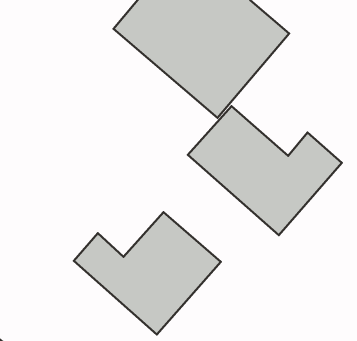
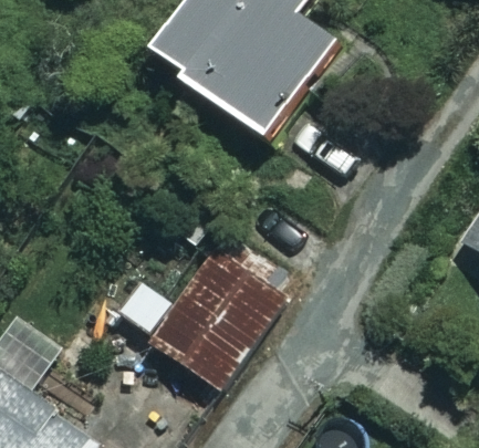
building: [188,106,342,235] -> none

